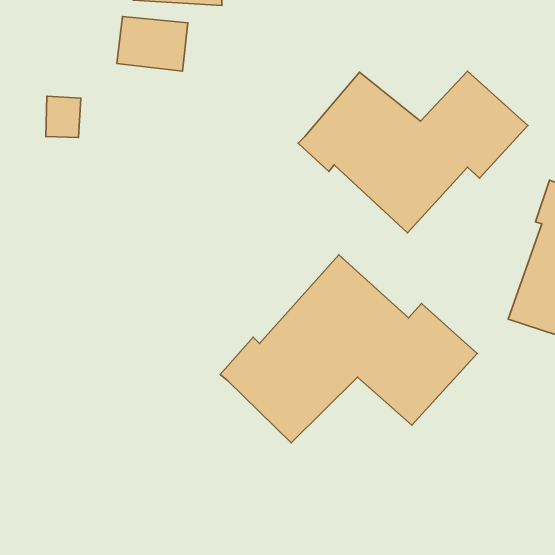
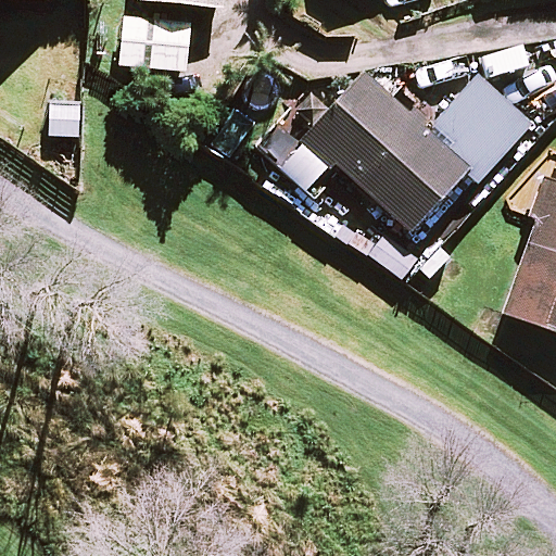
building: [220,255,477,443] -> none

